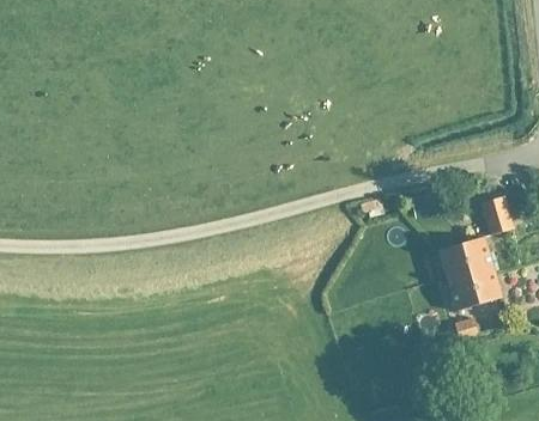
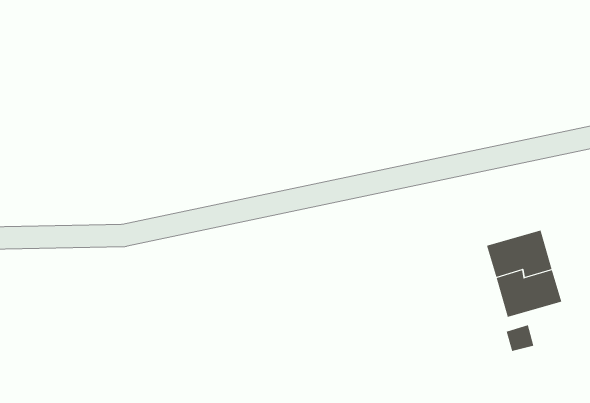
building: [482,195,514,234] -> none

